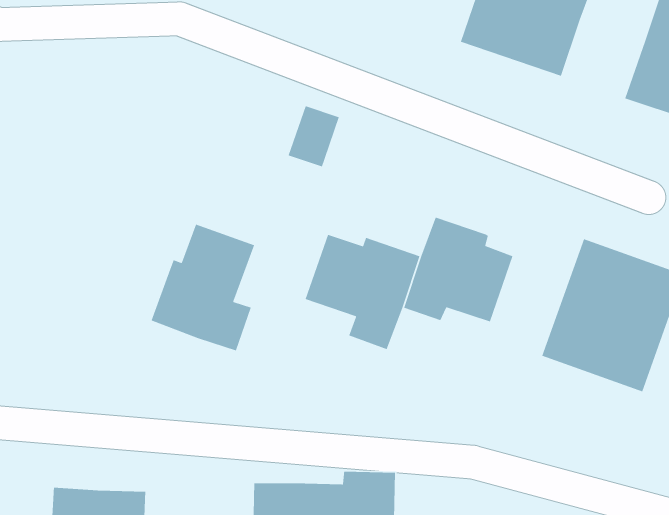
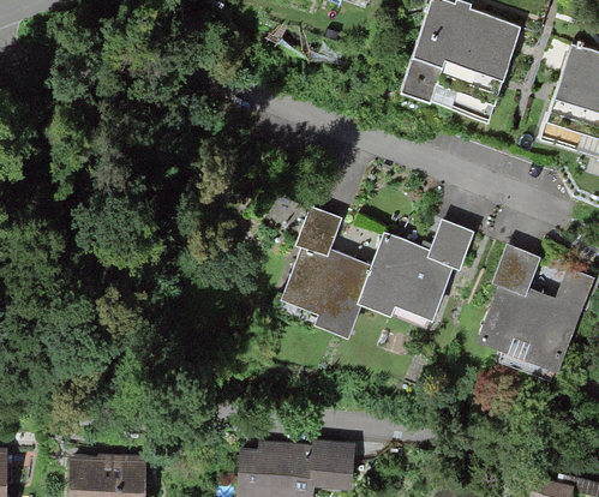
building: [288,105,340,168] -> [298,202,341,253]
building: none -> [429,215,474,264]
building: [151,224,255,351] -> none

